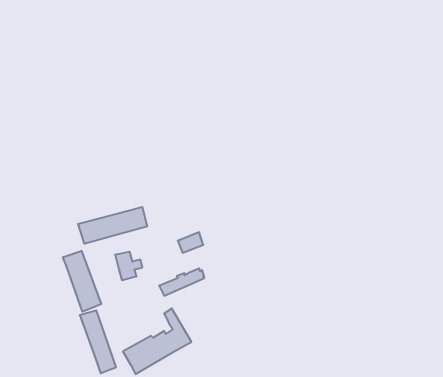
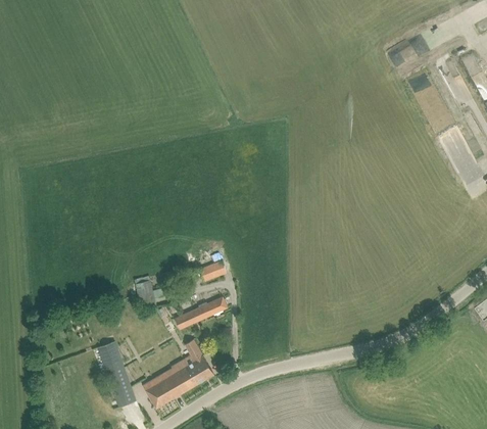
building: [78,207,147,244] -> none
building: [63,251,101,312] -> none

